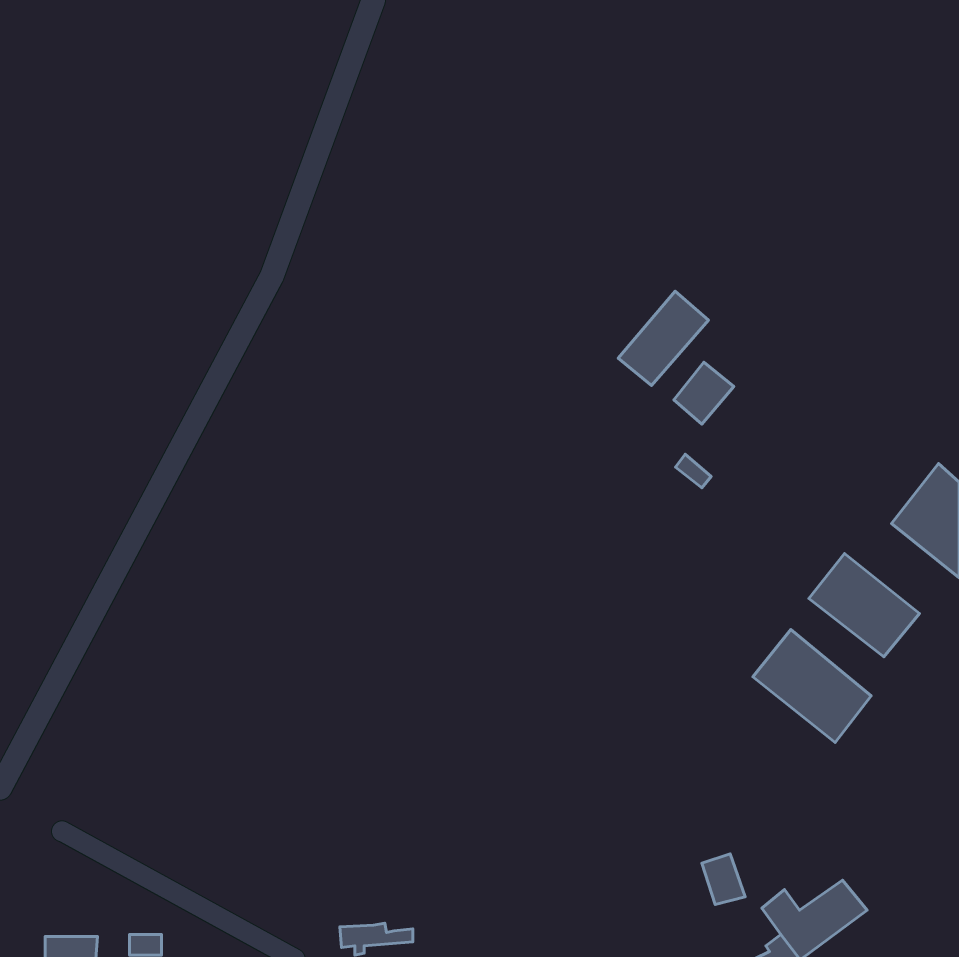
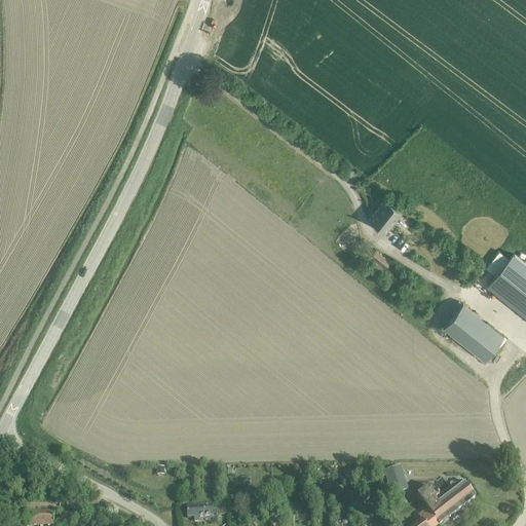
building: [618,291,709,385] -> none
building: [753,630,871,742] -> none

